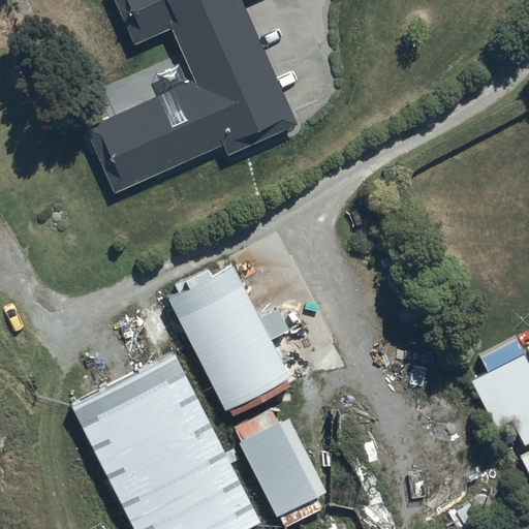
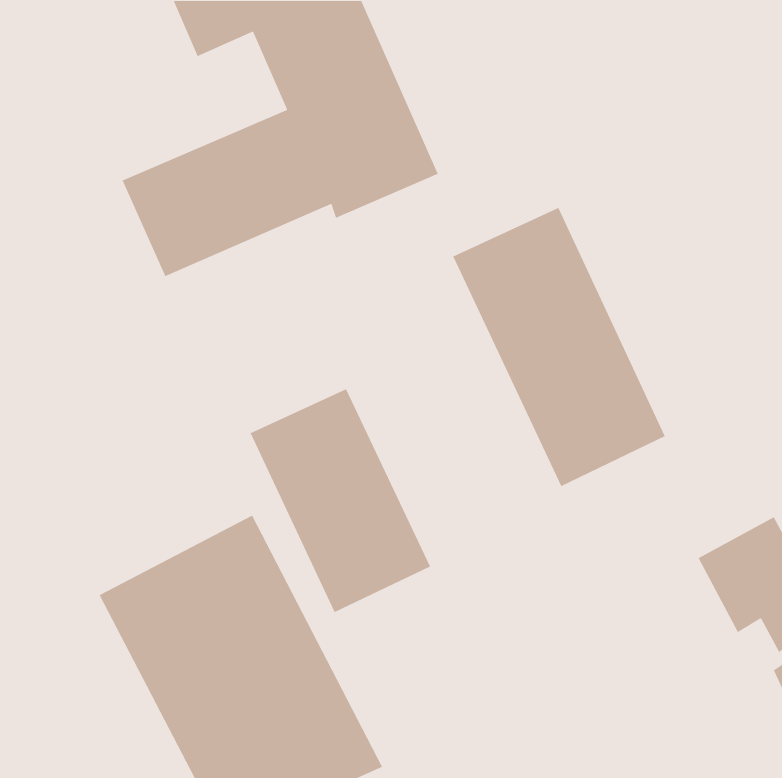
building: none -> [452,207,666,487]
building: [242,417,324,518] -> none

